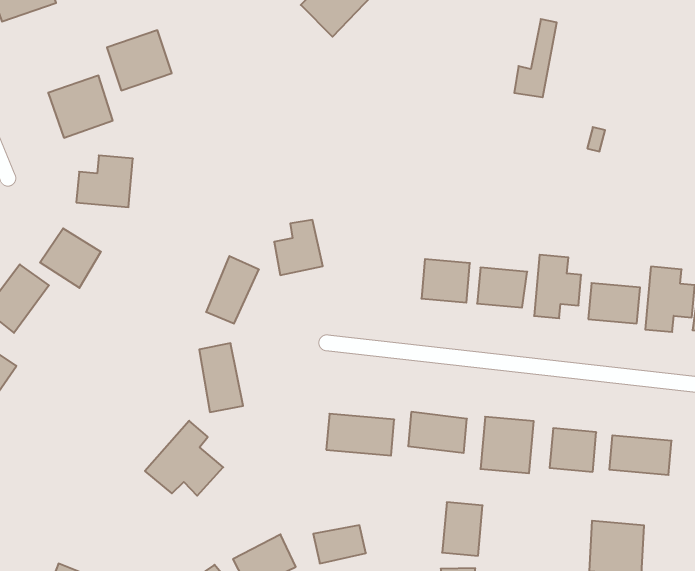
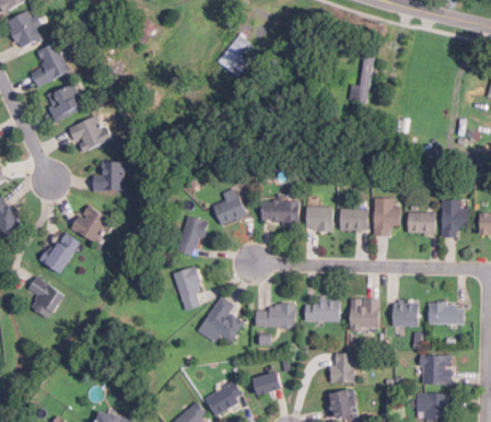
building: [107,30,172,90] -> [44,83,84,121]
building: none -> [260,202,299,223]
building: [145,421,223,496] -> [197,296,244,341]

